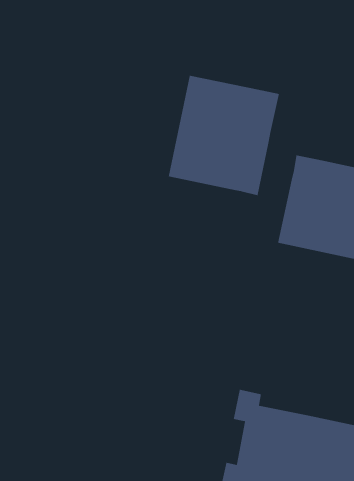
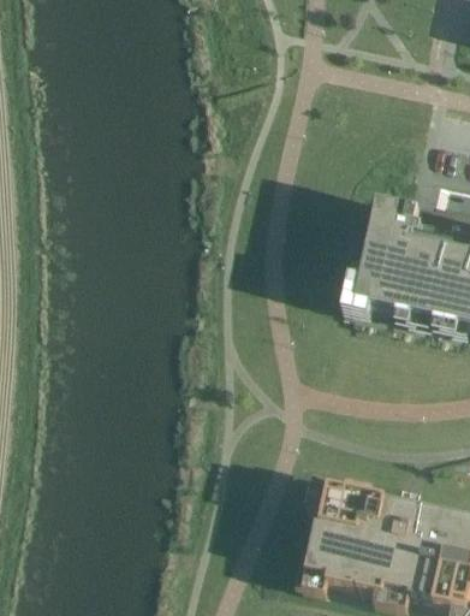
building: [168,75,280,196] -> none

